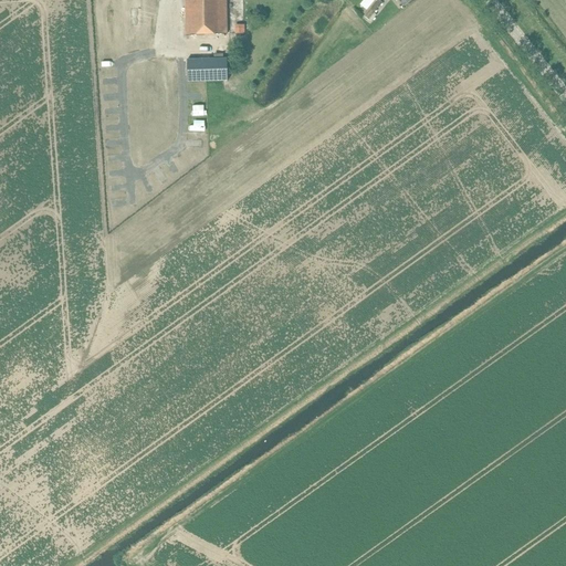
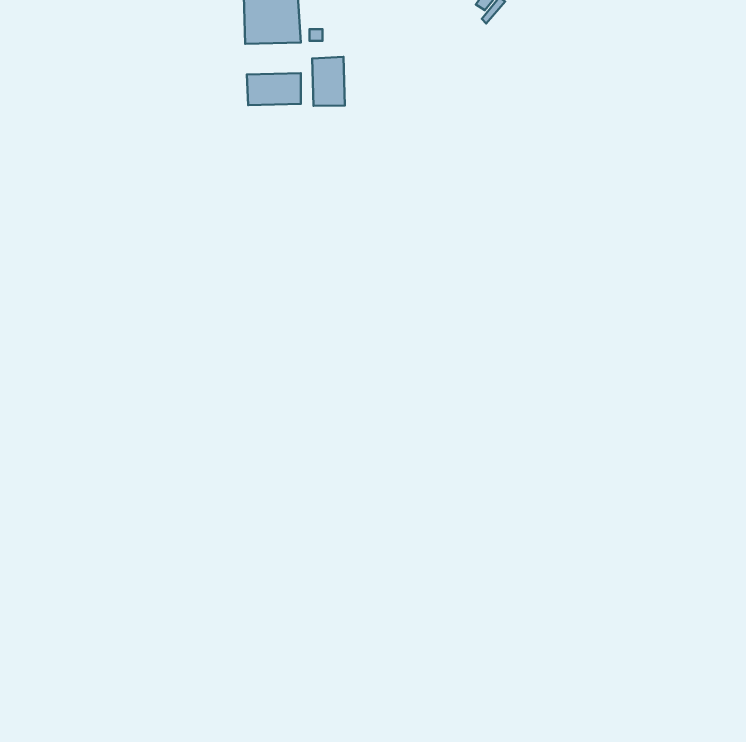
building: none -> [312,57,345,106]

